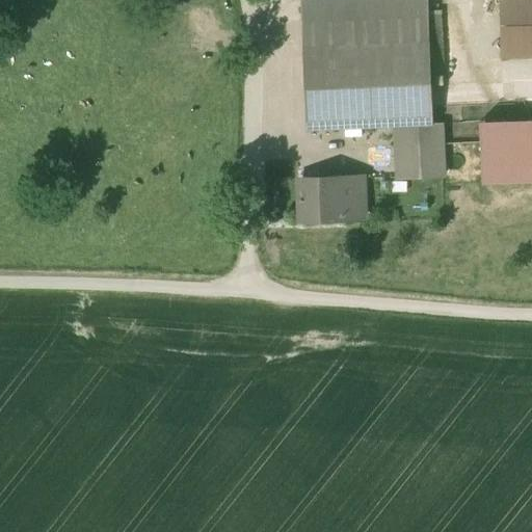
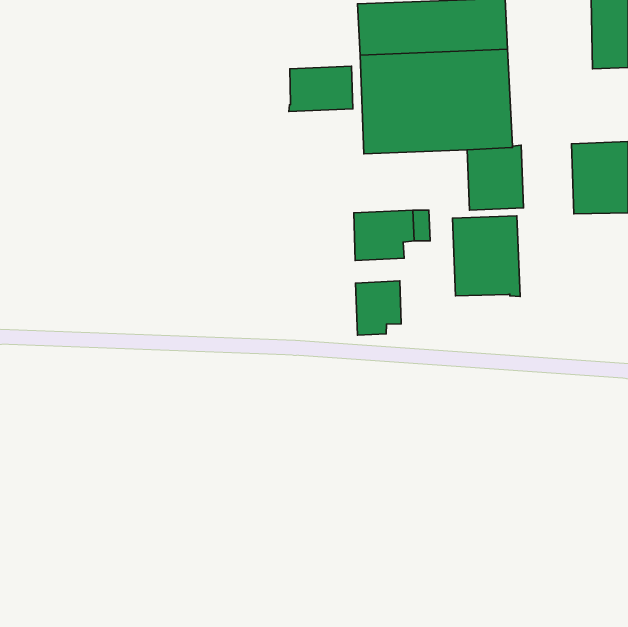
building: none -> [289,66,353,112]
building: none -> [452,216,520,297]
building: none -> [355,281,401,335]

